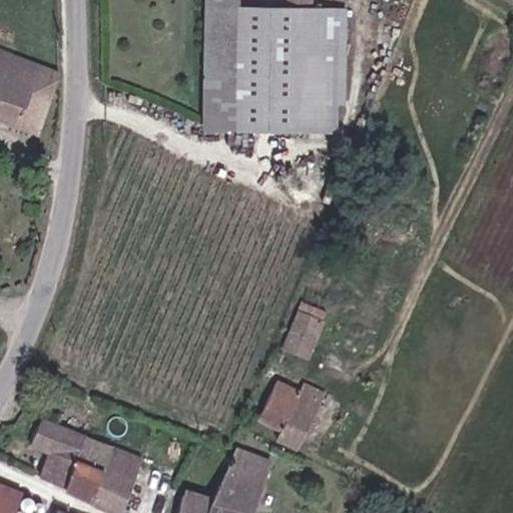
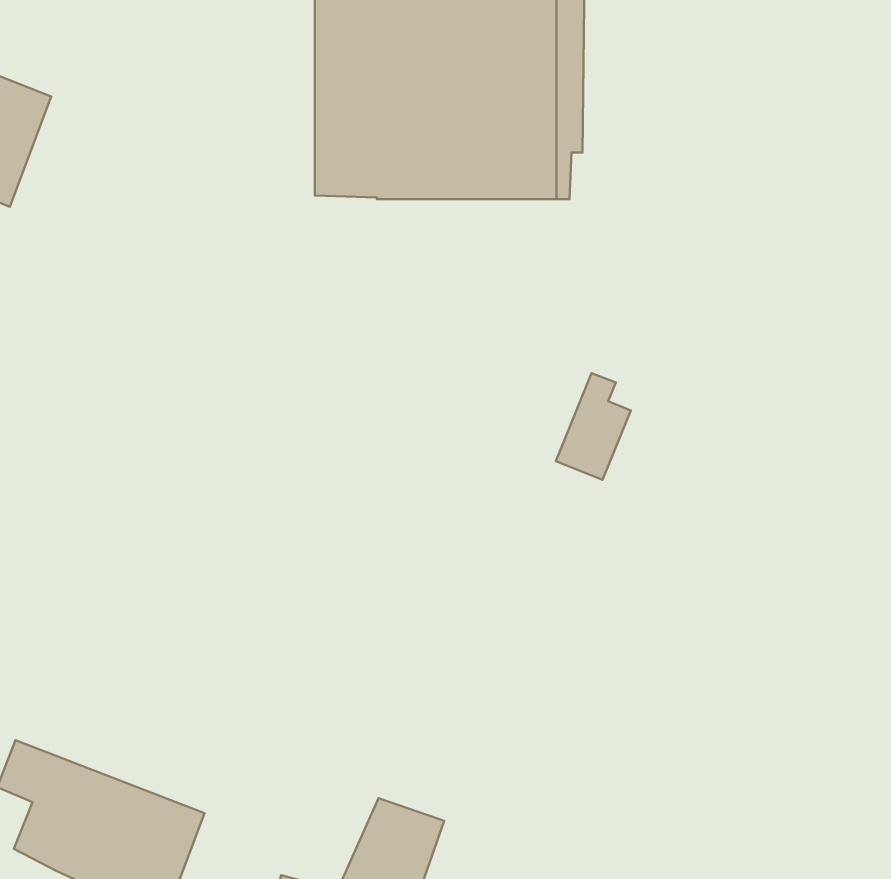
building: [284,302,324,359] -> [556,373,631,480]
building: [259,382,326,450] -> none

